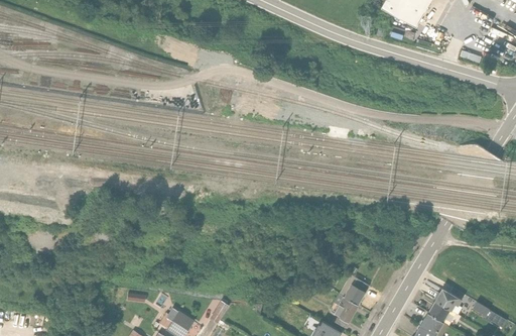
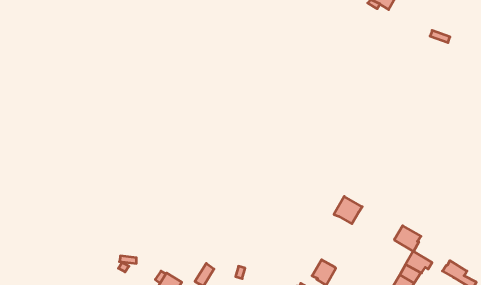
building: none -> [395,226,421,251]
building: [339,275,369,305] -> [334,196,362,224]

